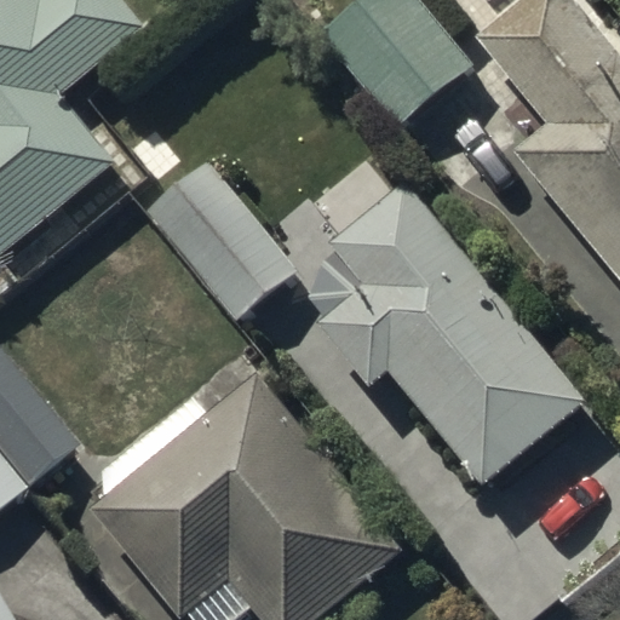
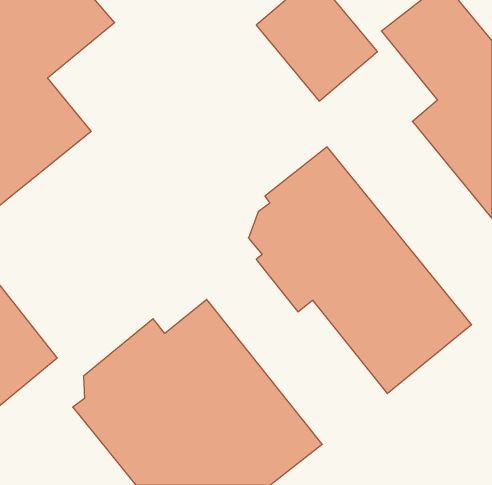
building: [147,161,298,321] -> none

